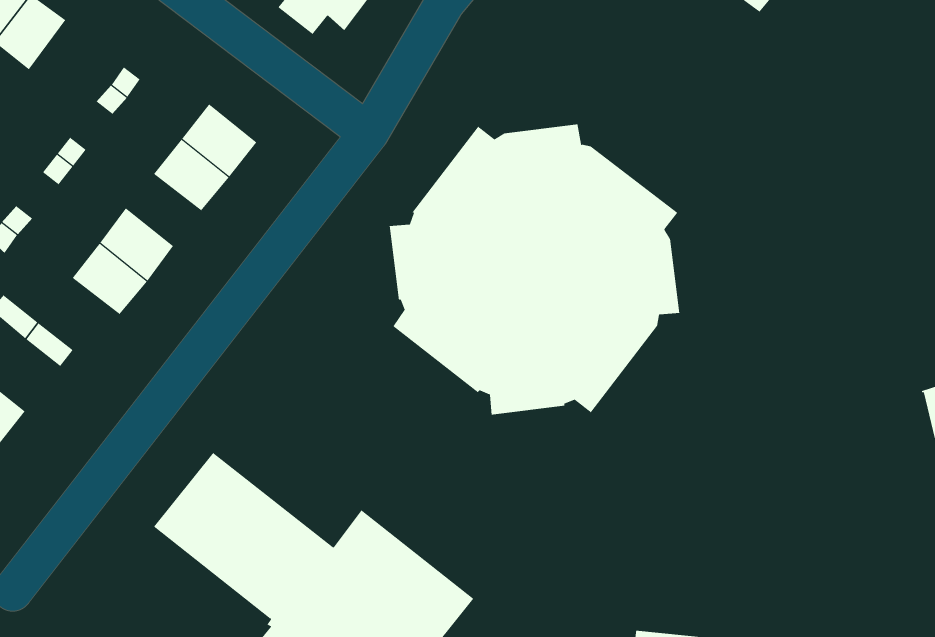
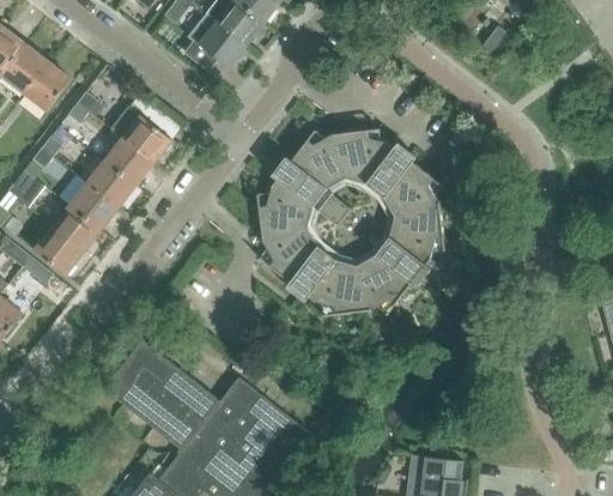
building: none -> [23,60,69,109]
building: none -> [85,159,134,206]
building: none -> [32,226,81,273]

